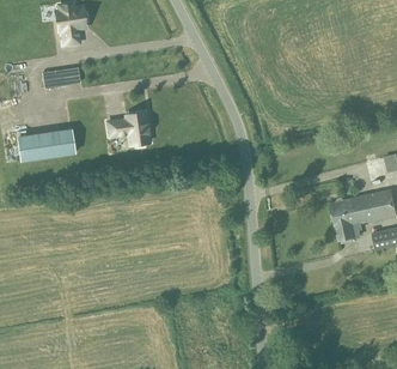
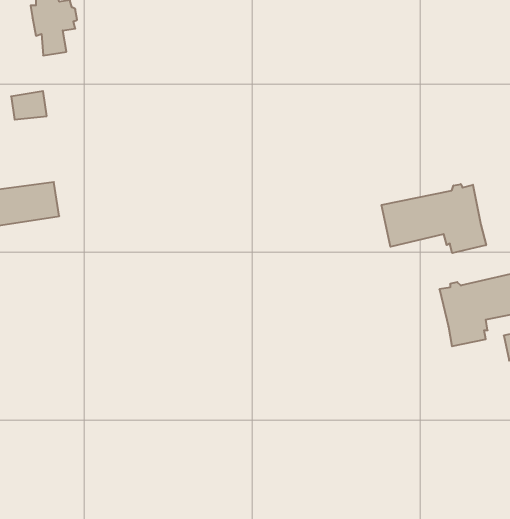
building: [109,113,151,146] -> none
building: none -> [382,184,486,253]

